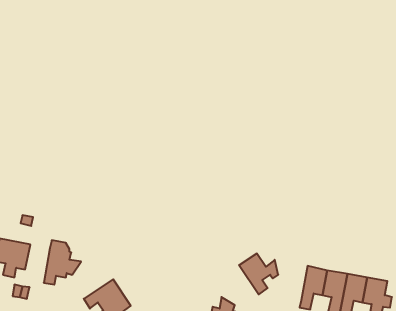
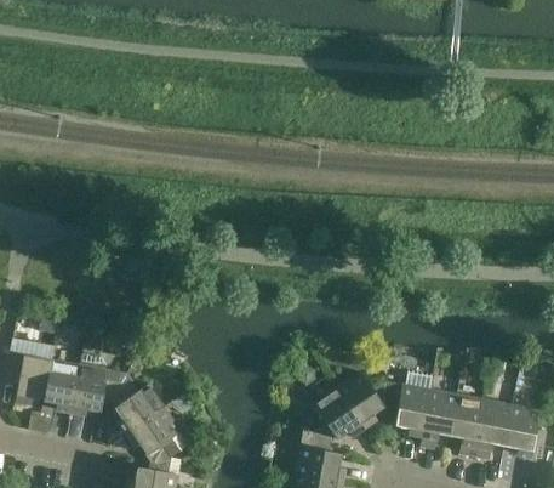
building: none -> [45,359,79,412]
building: none -> [385,371,432,436]
building: none -> [109,382,165,433]
building: none -> [313,387,364,442]

